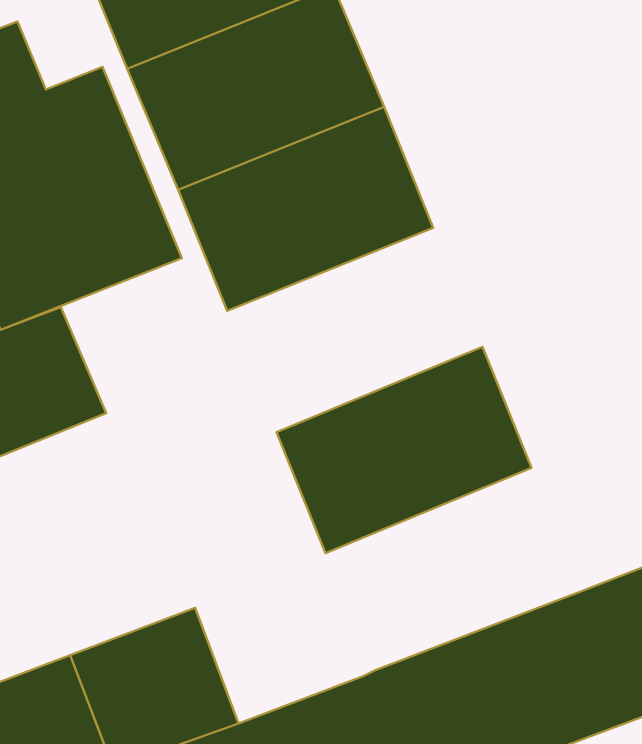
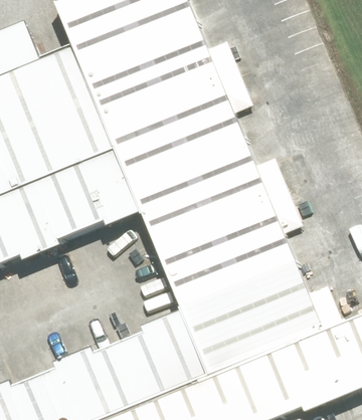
building: none -> [136,136,272,244]
building: none -> [47,152,135,234]
building: none -> [188,263,325,371]
building: none -> [119,312,208,399]

